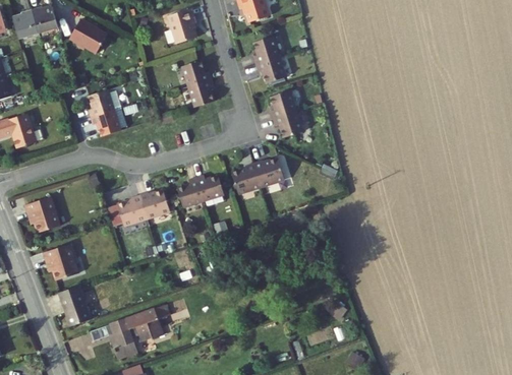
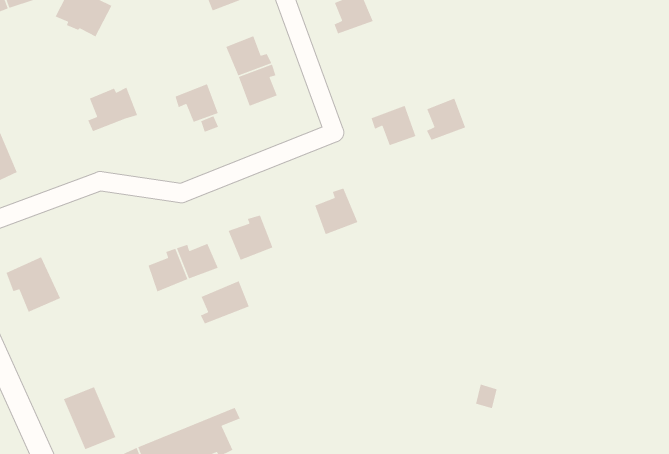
building: [254,57,285,83] -> none
building: [270,92,296,120] -> [426,98,466,141]
building: [90,111,118,136] -> [174,83,219,123]
building: [252,161,284,188] -> none
building: [196,174,226,201] -> none
building: none -> [200,280,250,324]
building: [44,245,79,282] -> none

